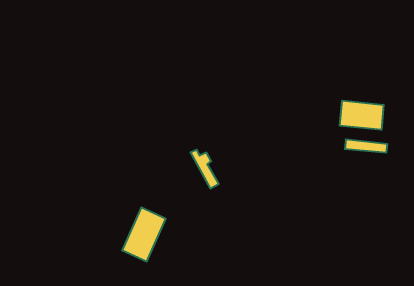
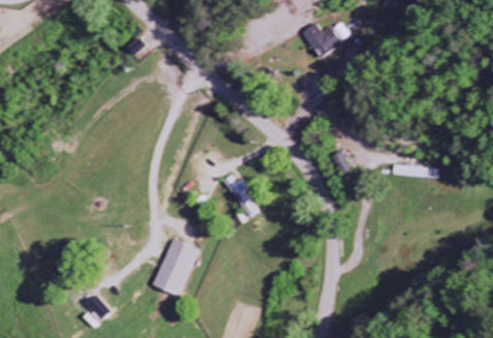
building: none -> [302,21,348,57]
building: [340,101,384,130] -> none

